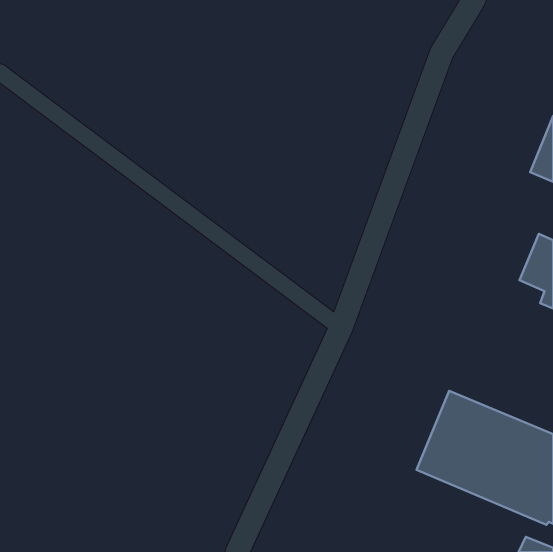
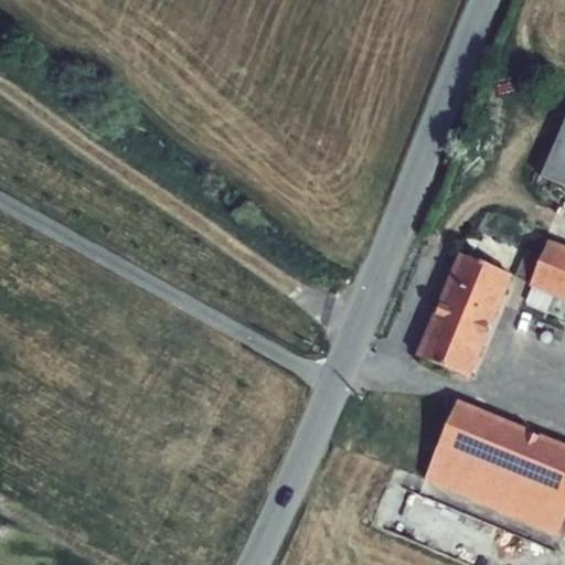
building: none -> [415,252,514,379]

